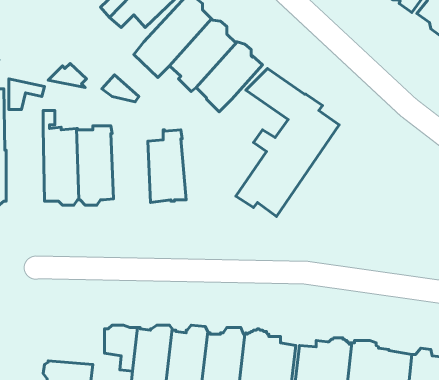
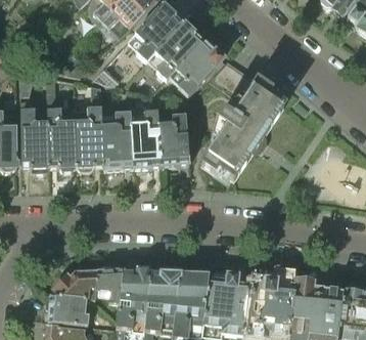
building: none -> [20,98,48,171]
building: none -> [101,111,133,170]
building: none -> [157,114,189,166]
building: none -> [51,266,96,299]

